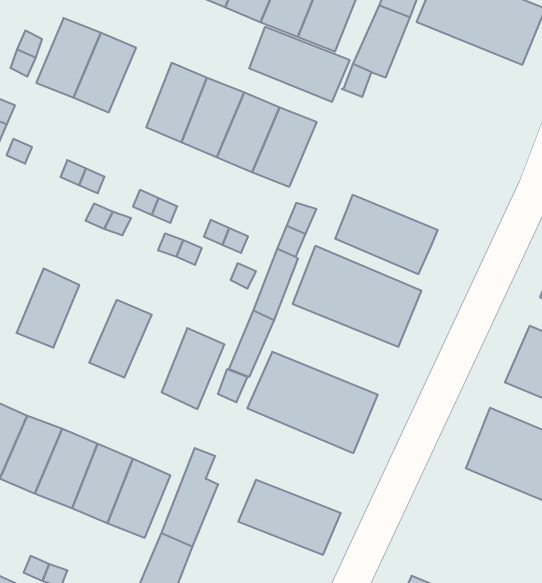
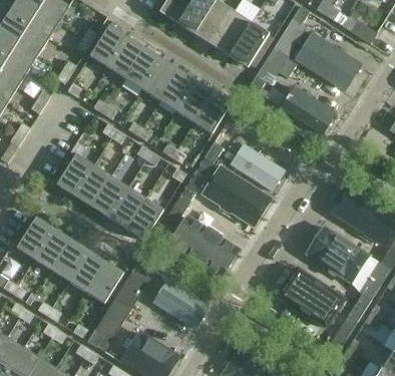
building: [249,27,350,102] -> [282,87,335,132]
building: none -> [124,46,161,88]
building: none -> [74,164,111,206]
building: none -> [108,186,145,228]

